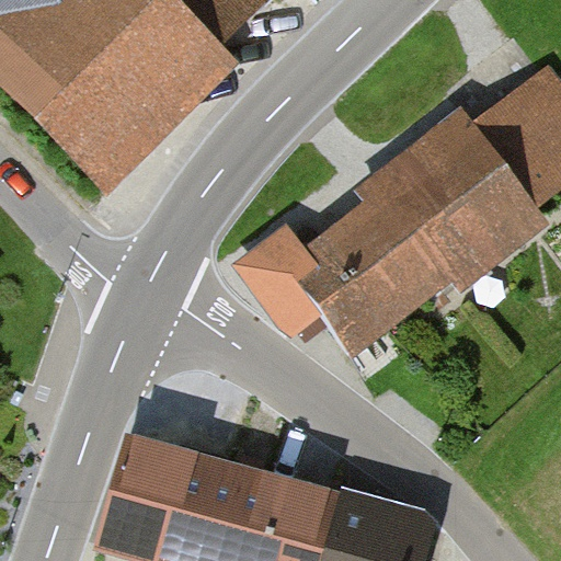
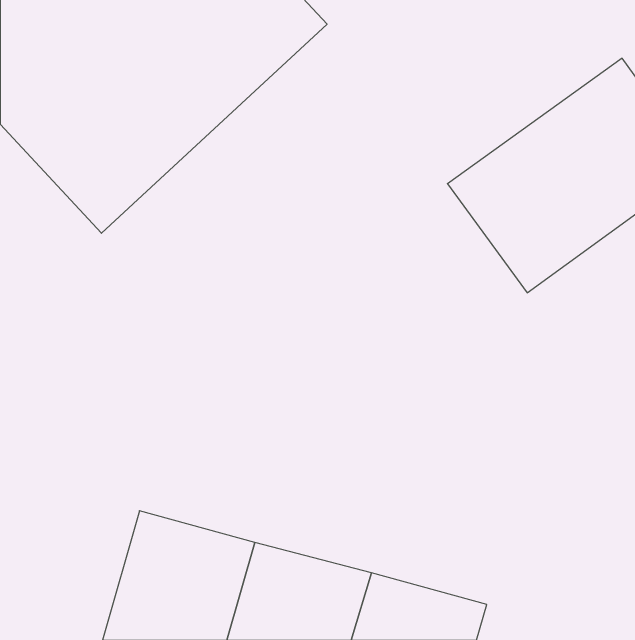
building: [247,159,467,362] -> none

